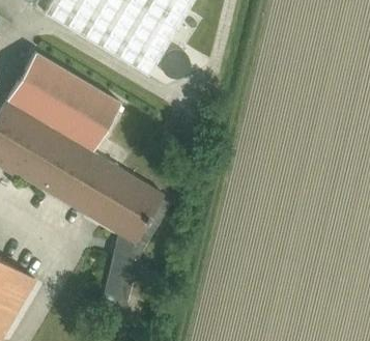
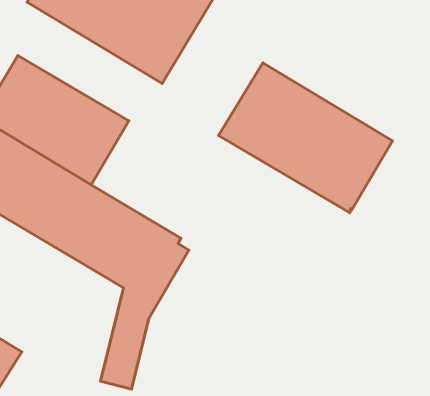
building: none -> [218,63,393,213]

